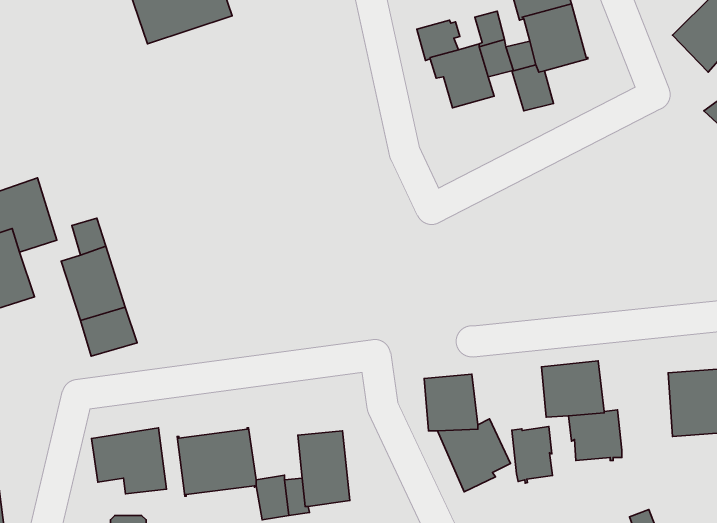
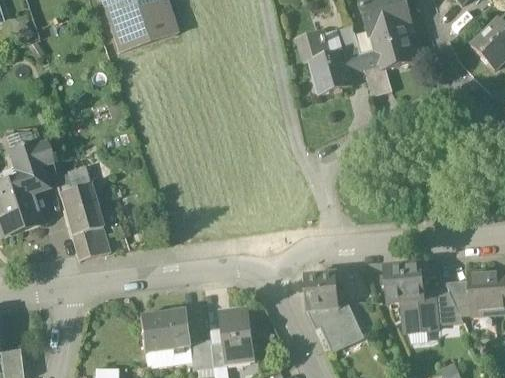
building: none -> [435,290,465,323]
building: [512,426,553,483] -> none
building: [91,428,166,494] -> none

